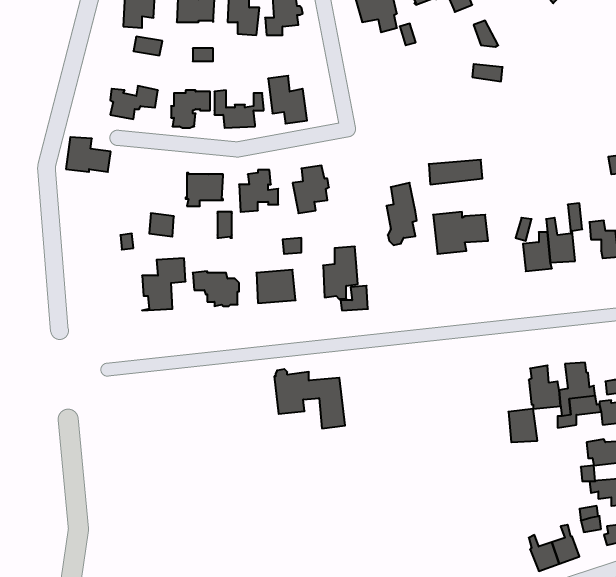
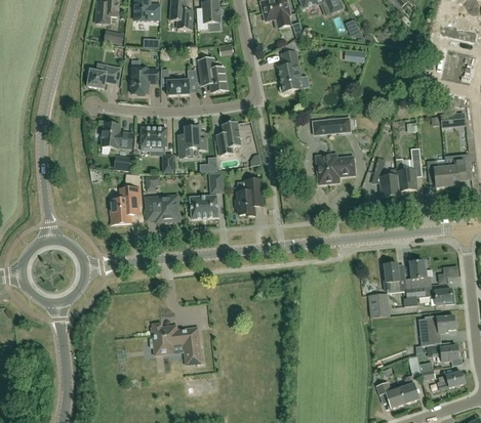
building: [66,137,111,172] -> [102,123,133,147]
building: [386,183,417,245] -> [279,50,300,94]
building: [274,369,345,428] -> [152,323,202,365]

